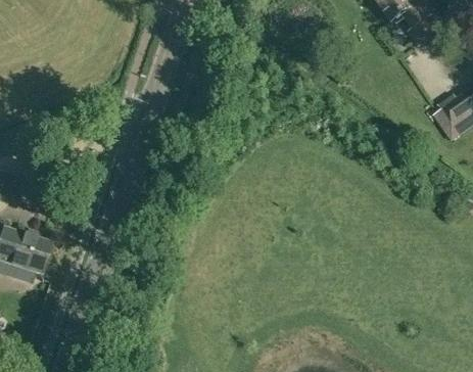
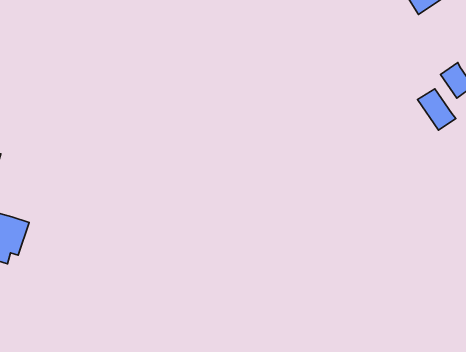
building: none -> [417,89,456,130]

